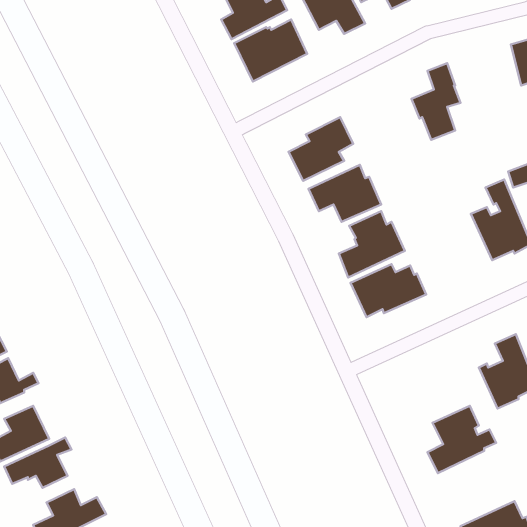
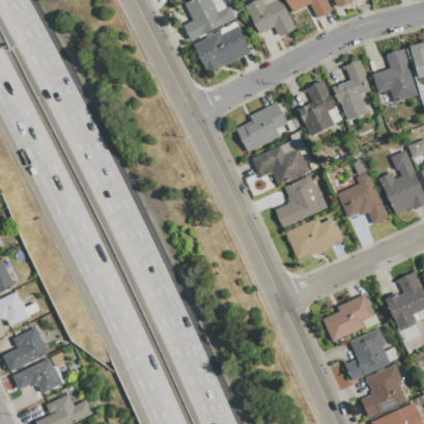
building: none -> [371,48,417,102]
building: none -> [296,80,341,136]
building: none -> [336,171,388,224]
building: none -> [321,293,378,341]
building: none -> [360,364,405,417]

